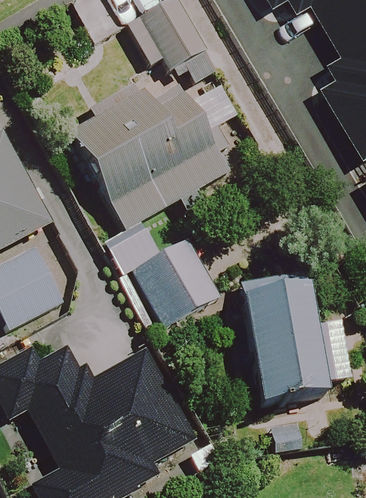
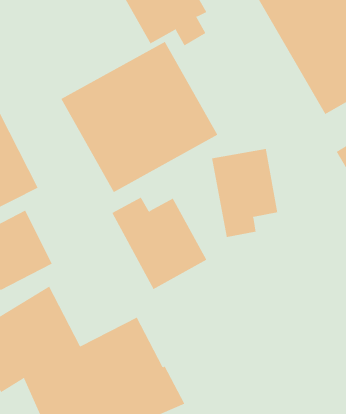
building: none -> [212,148,278,238]
building: [243,283,351,403] -> none

